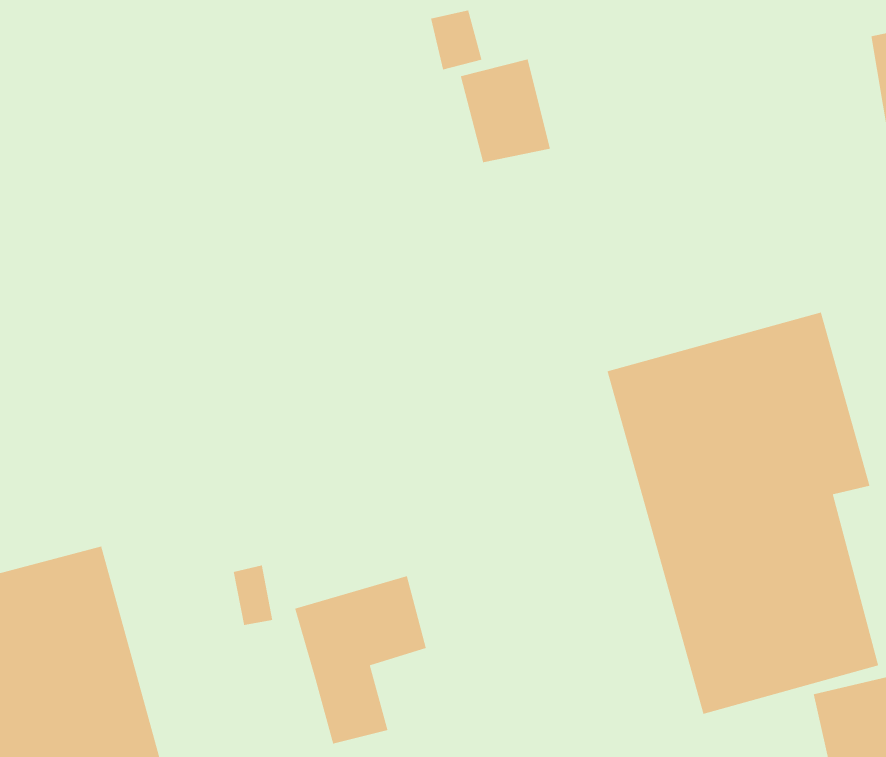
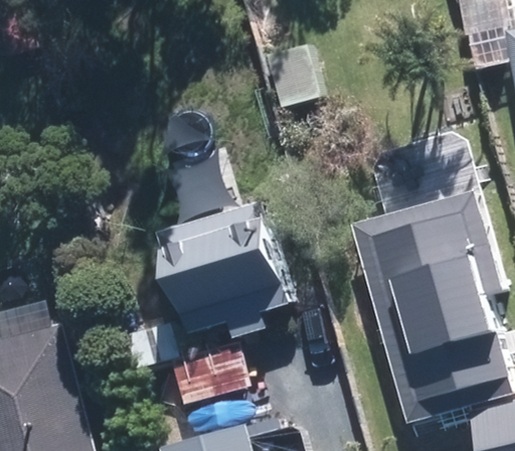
building: none -> [156,203,289,336]

